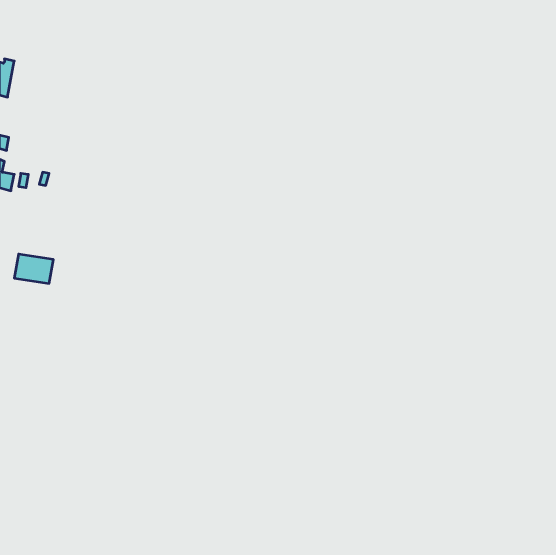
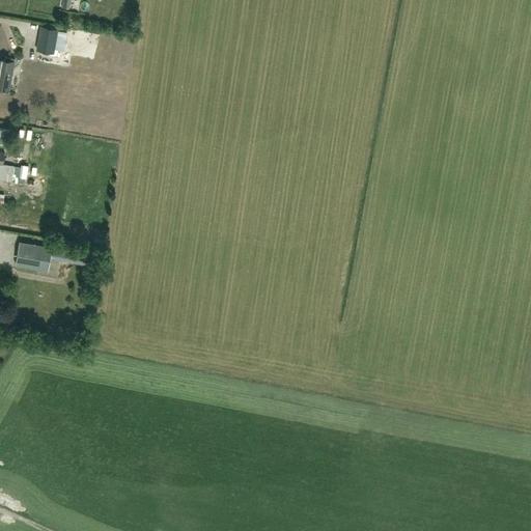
building: none -> [34,27,57,55]

